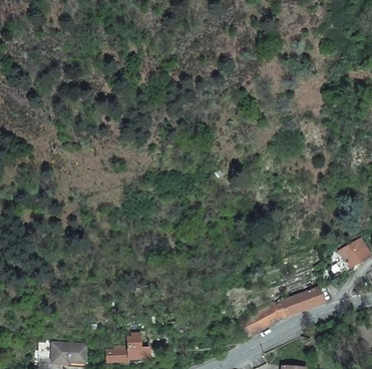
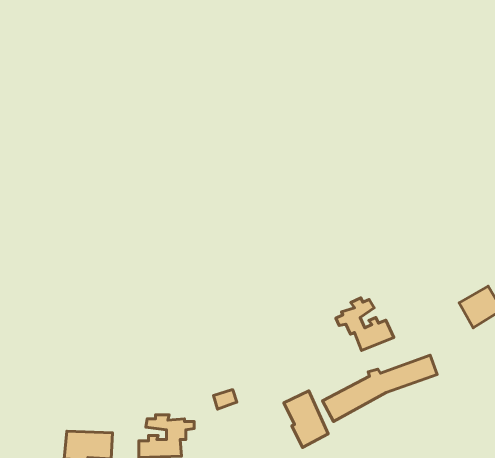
building: none -> [336,298,394,350]
building: none -> [284,391,328,448]

